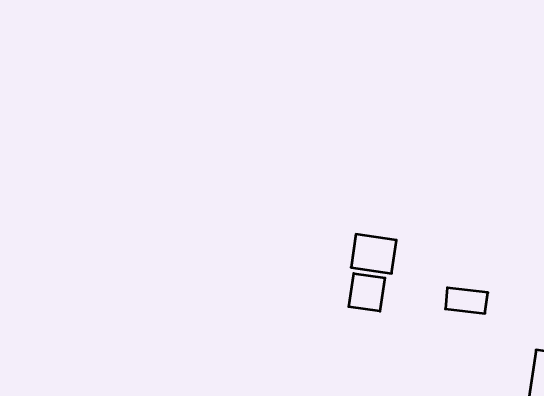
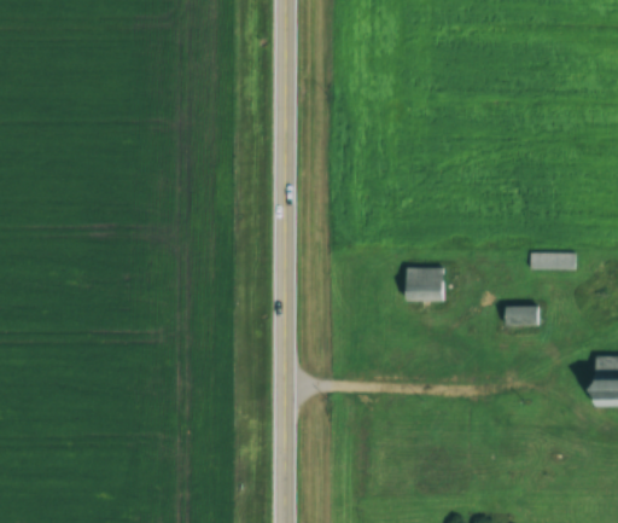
building: none -> [529,251,577,268]
building: [349,273,385,311] -> none

